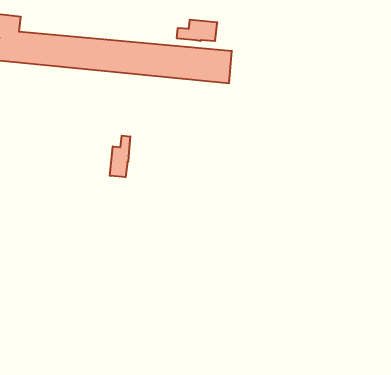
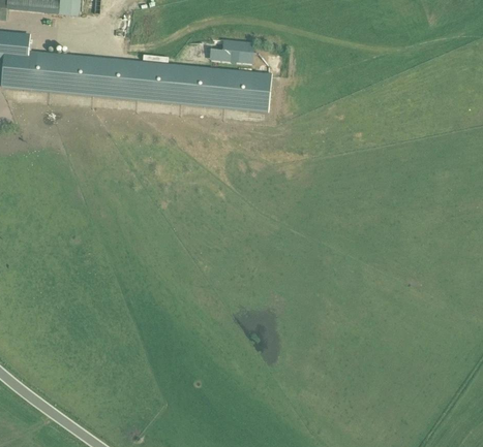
building: [110,136,130,177] -> none

